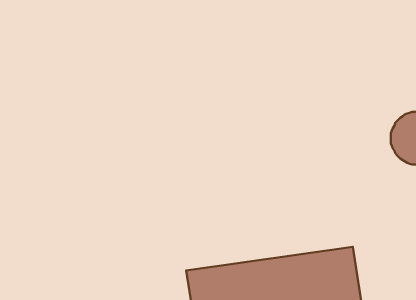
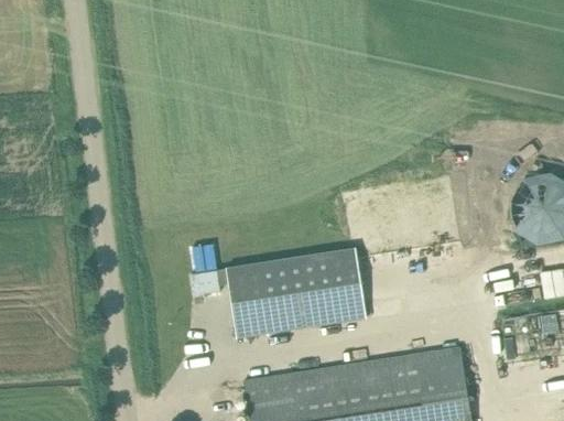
building: none -> [226,247,366,335]

